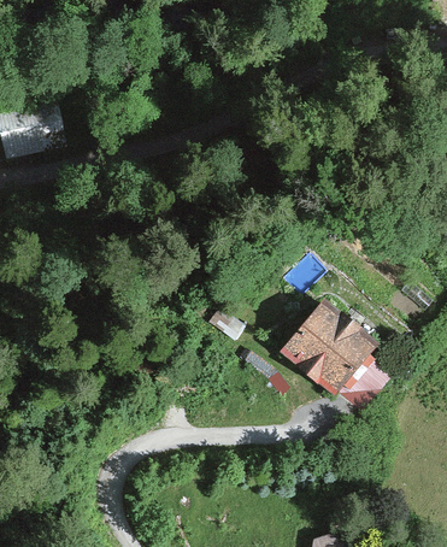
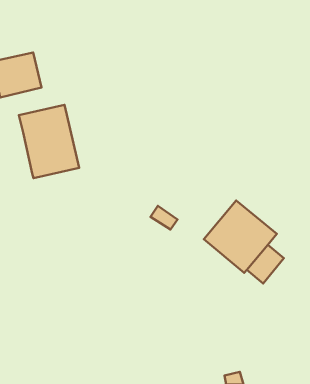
building: none -> [19,105,79,178]

